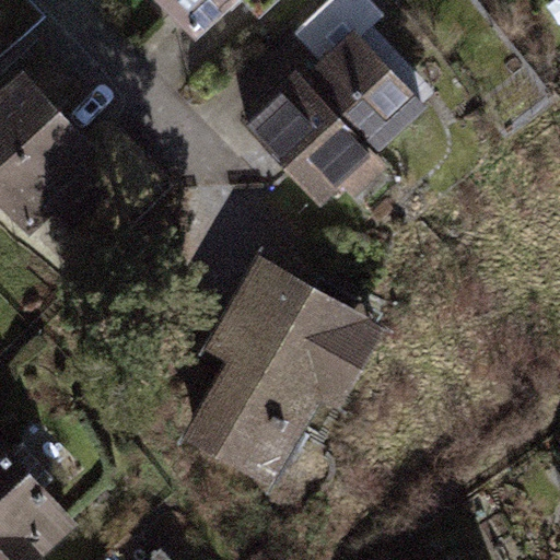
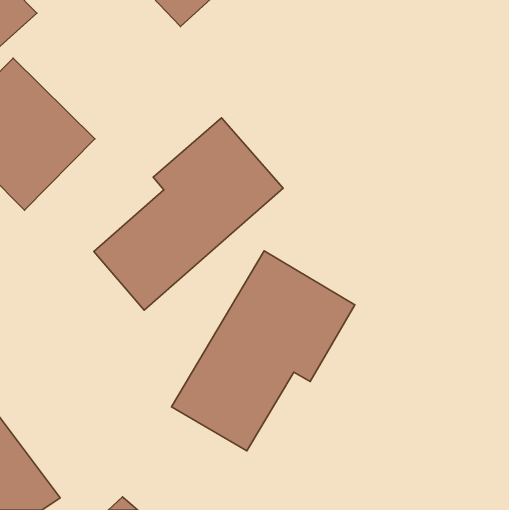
building: [246,22,421,195] -> none
building: none -> [94,118,283,310]

